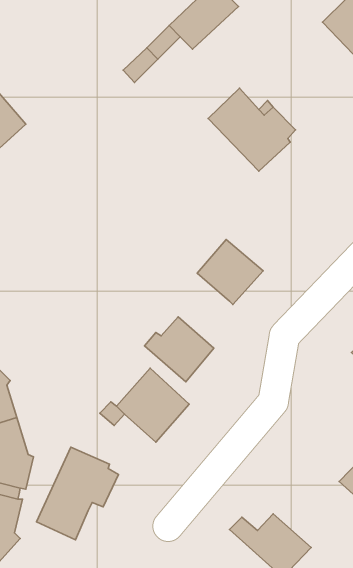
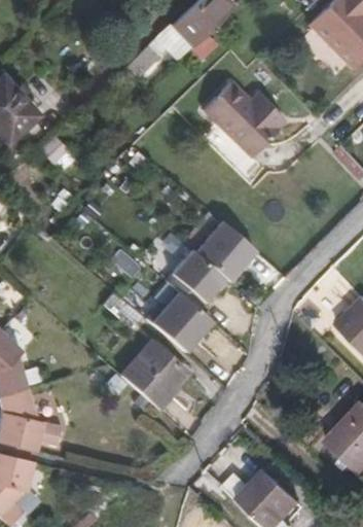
building: none -> [171,250,225,304]
building: [36,447,119,540] -> none

